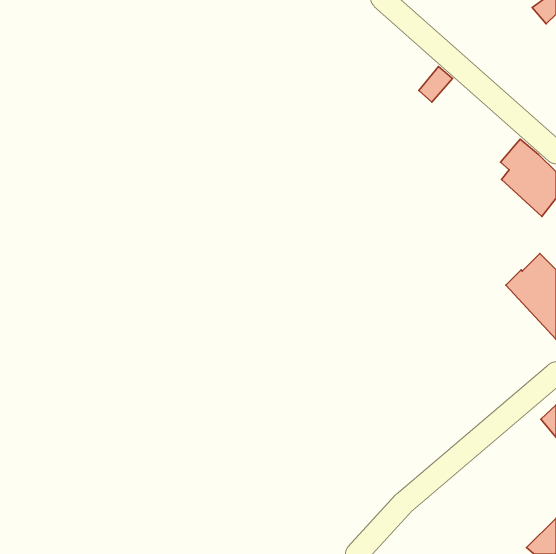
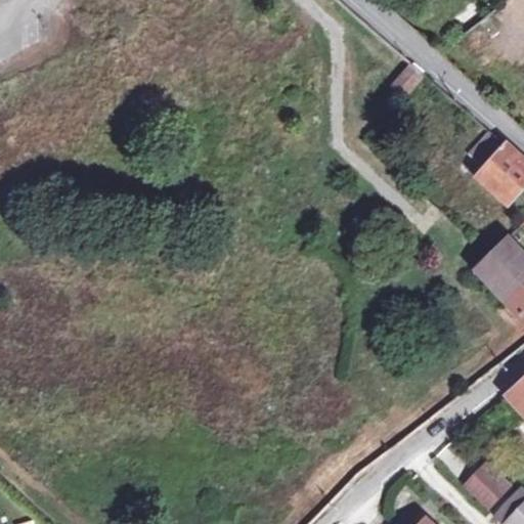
building: none -> [468,464,510,506]

